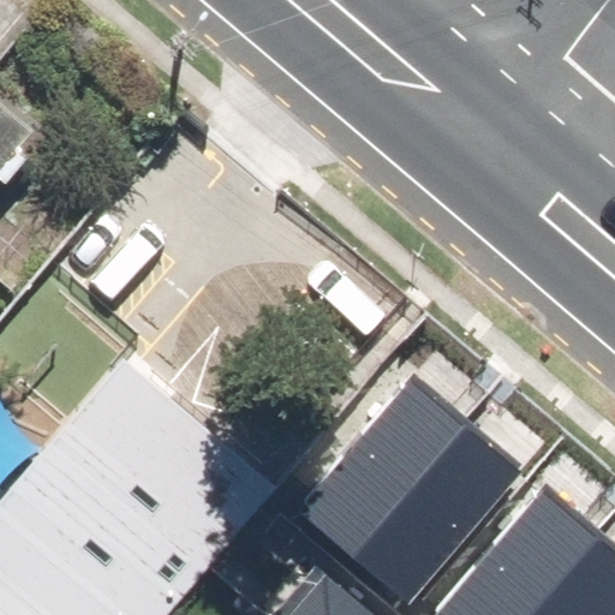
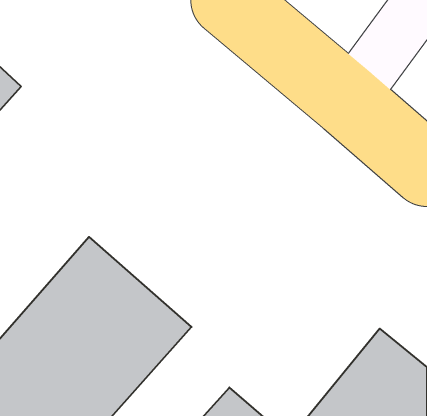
building: [297,381,512,599] -> none

